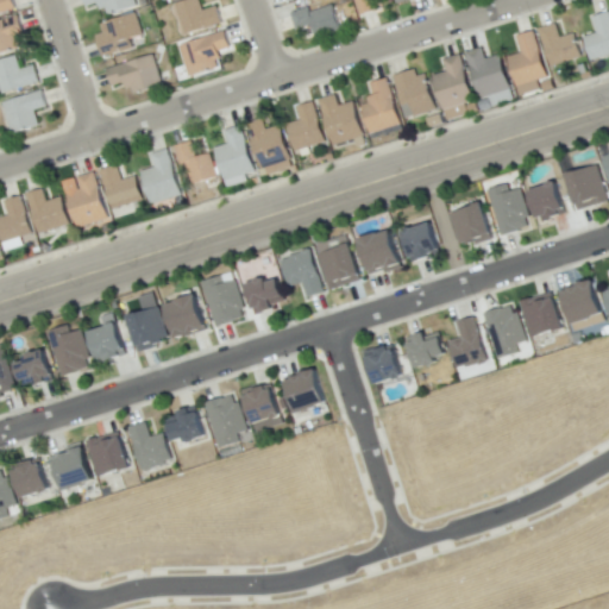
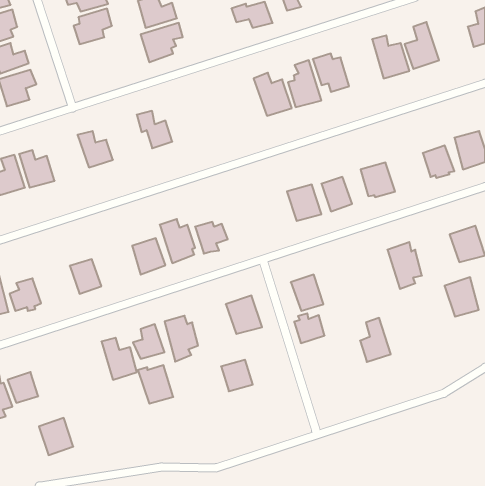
building: [535,20,579,65] -> none
building: [103,51,161,94] -> none
building: [431,52,472,109] -> none
building: [282,99,324,150] -> none
building: [243,117,289,169] -> none
building: [211,123,251,187] -> none
building: [137,146,178,203] -> none
building: [59,170,106,228] -> none
building: [483,182,528,234] -> none
building: [318,243,362,289] -> none
building: [277,245,324,297] -> none
building: [519,289,561,338] -> [444,277,479,317]
building: [126,304,168,352] -> none
building: [447,313,485,368] -> [360,318,391,362]
building: [45,322,89,377] -> none
building: [407,333,445,370] -> [294,313,325,343]
building: [241,388,281,427] -> [221,360,253,391]
building: [86,432,130,479] -> [138,365,173,404]
building: [50,448,93,495] -> [39,418,73,455]

